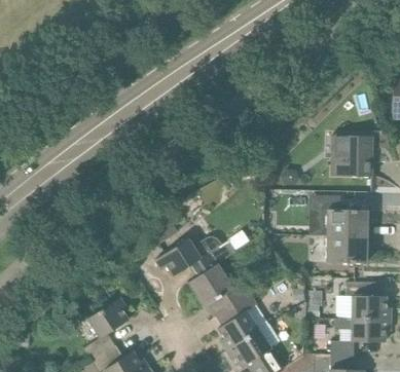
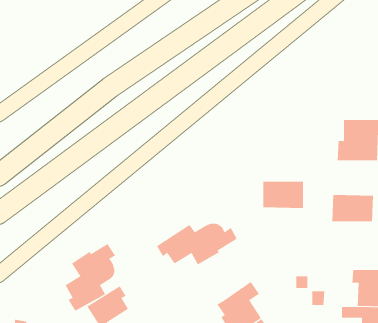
building: [326,236,366,263] -> [263,181,304,209]
building: none -> [65,243,116,311]
building: [188,266,248,312] -> none

